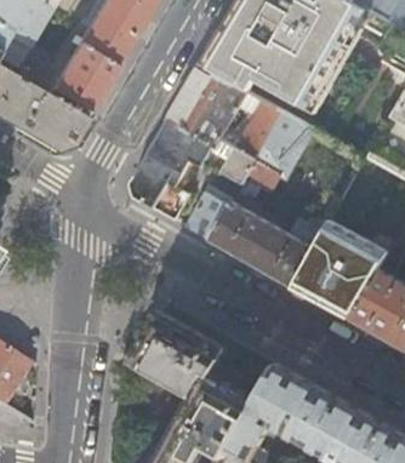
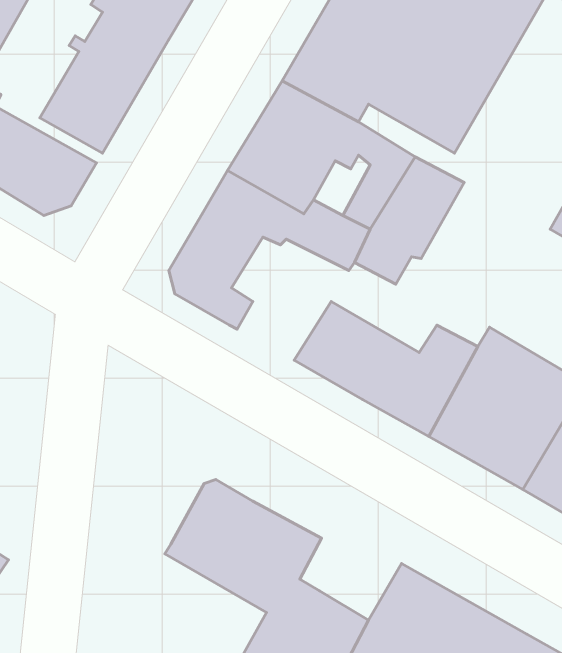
building: [189,187,243,240] -> none

